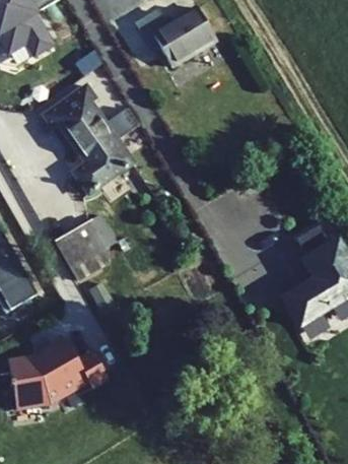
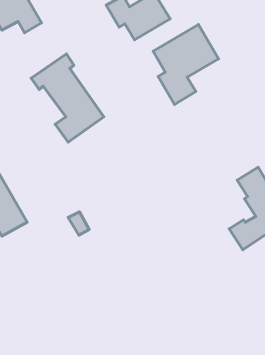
building: none -> [153,24,218,104]
building: [55,213,118,279] -> none
building: [8,339,108,410] -> none

